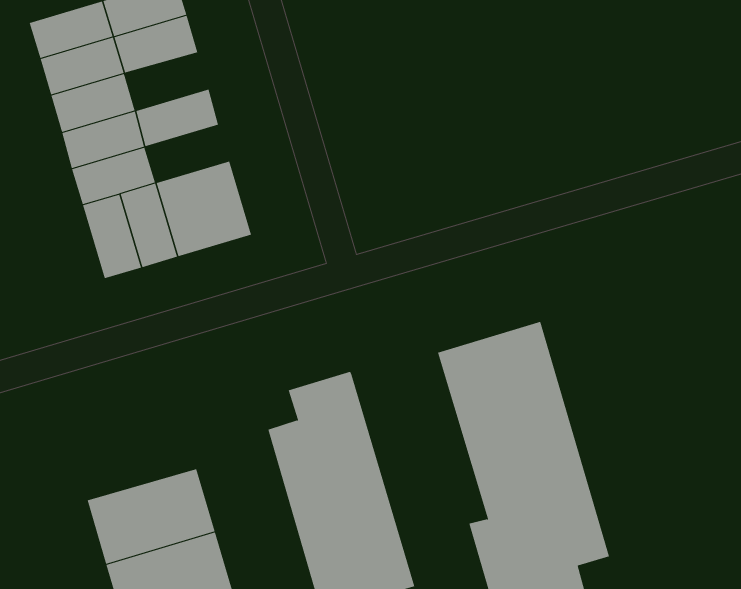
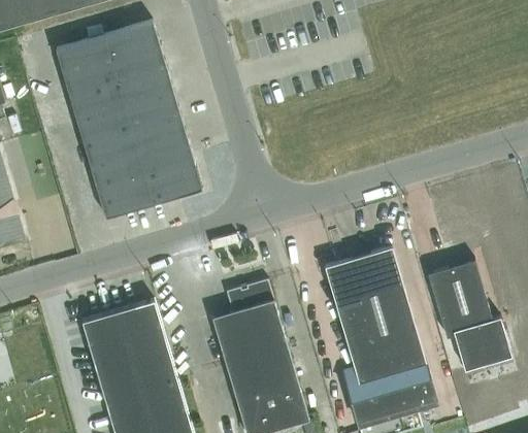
building: none -> [119,70,174,108]
building: none -> [132,118,188,156]
building: none -> [427,260,512,370]
building: none -> [81,301,166,364]

